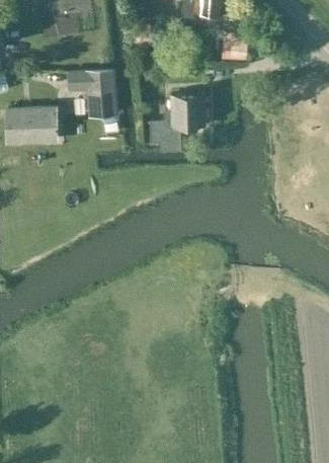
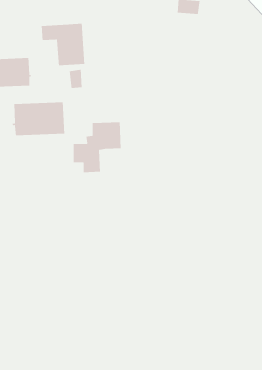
building: [150,94,204,152] -> [73,122,122,173]
building: none -> [12,102,65,136]

